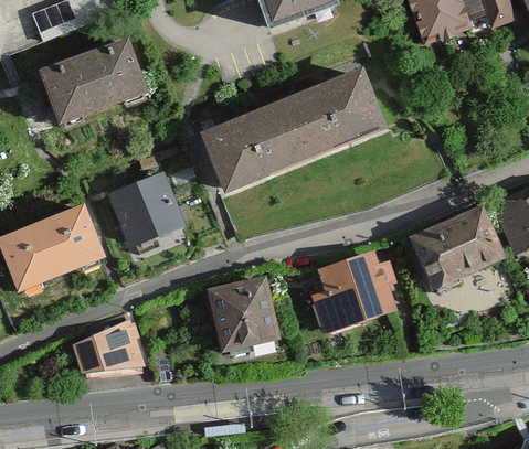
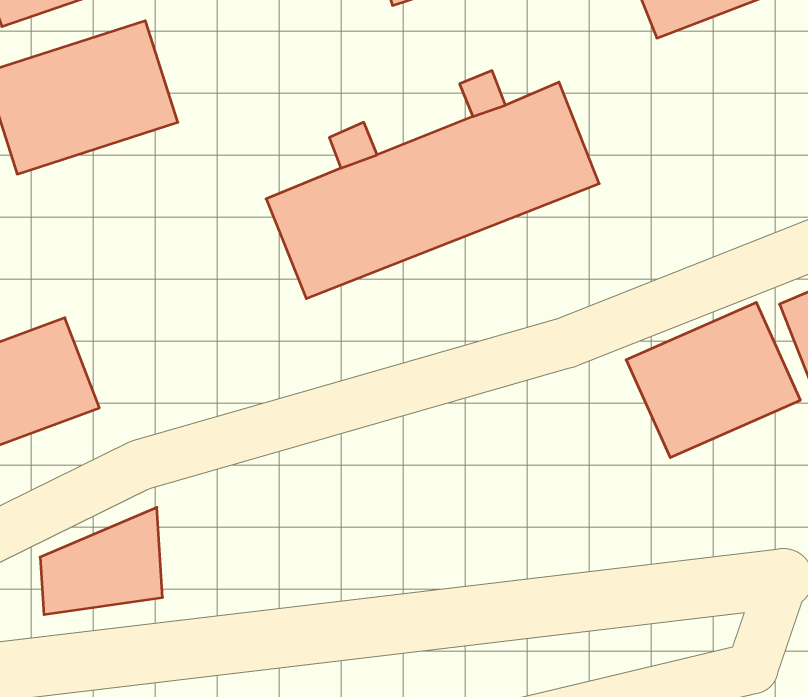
building: [105,171,189,254] -> none
building: [308,246,399,334] -> none
building: [203,270,277,354] -> none

